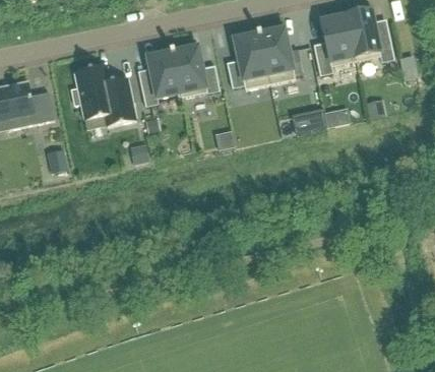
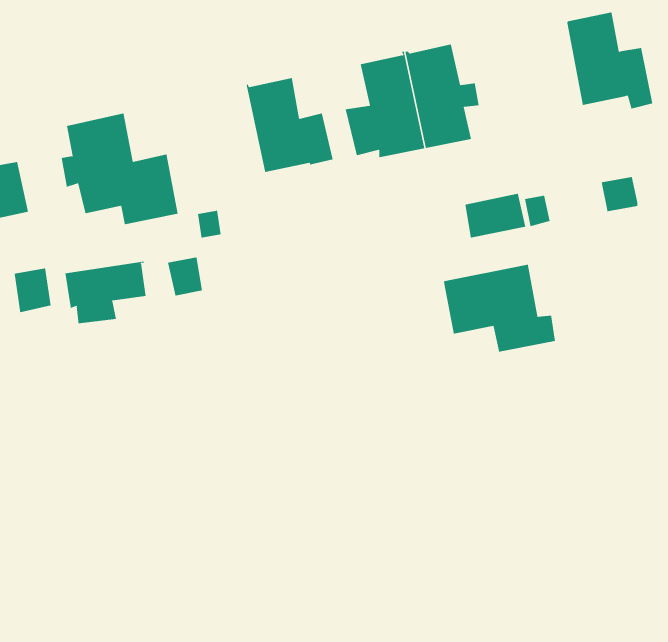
building: [314,12,356,74] -> none
building: [140,49,183,106] -> none
building: none -> [65,261,146,324]
building: none -> [439,264,556,352]

